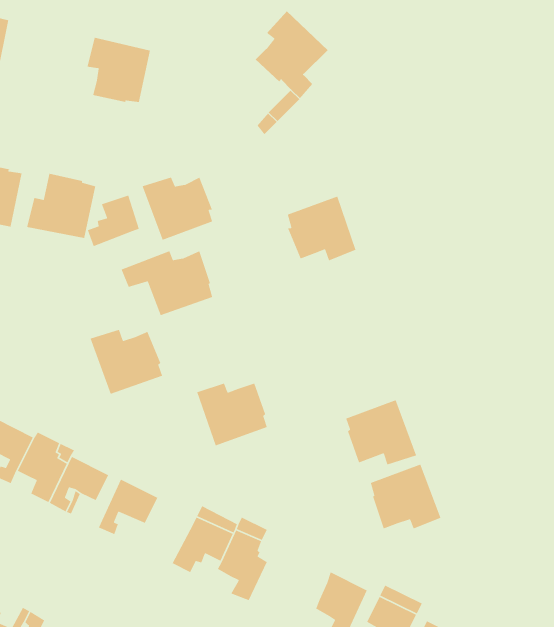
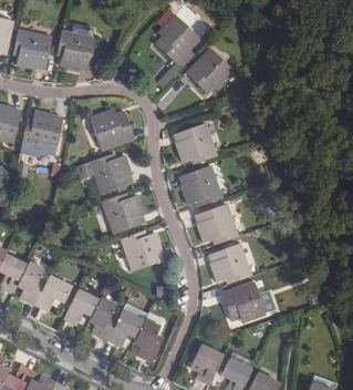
building: none -> [14,29,51,69]
building: none -> [187,48,235,92]
building: [87,194,140,247] -> none
building: none -> [180,165,221,203]
building: [89,329,163,395] -> [102,195,145,234]
building: none -> [196,203,238,242]
building: none -> [90,298,120,339]

